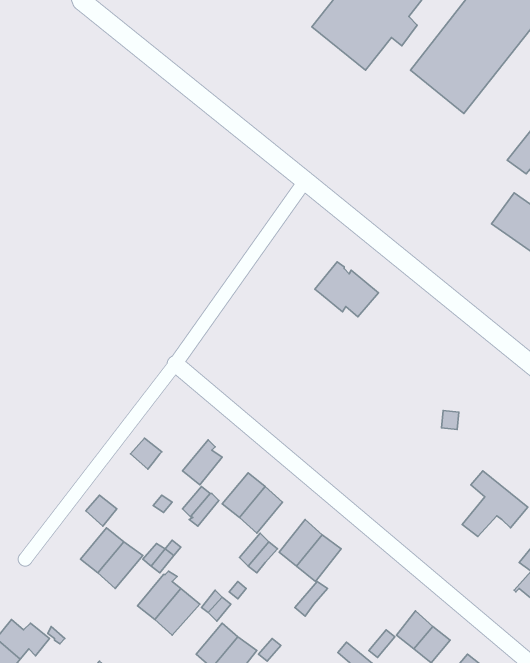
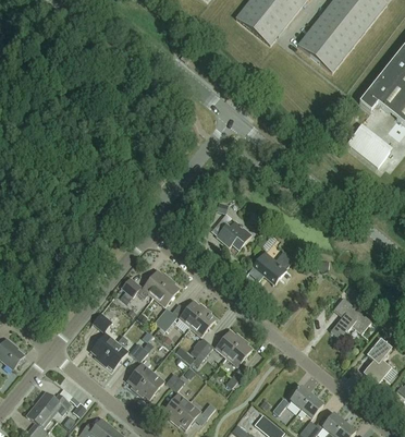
building: [315,262,379,317] -> [211,215,251,250]
building: none -> [248,252,293,282]
building: none -> [135,270,170,299]

